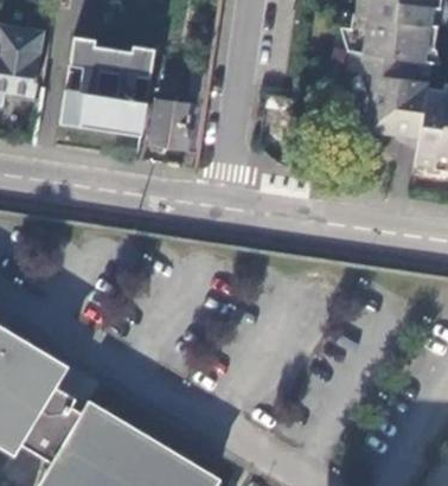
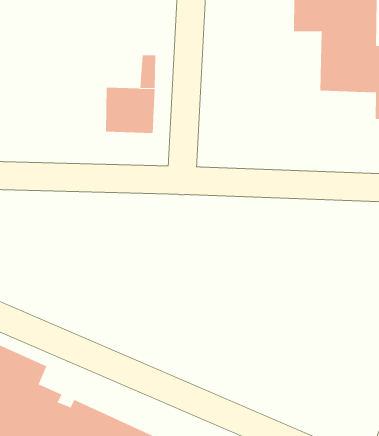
building: [59,37,156,136] -> none

